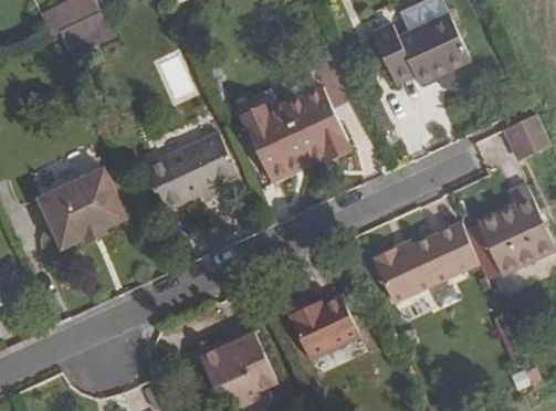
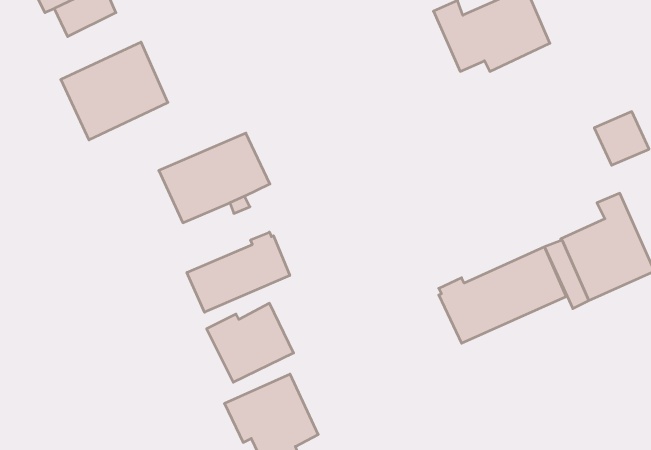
building: [241,72,352,179] -> none
building: [38,167,126,247] -> [61,42,168,140]
building: none -> [187,232,290,312]
building: [287,294,359,359] -> [207,303,294,382]

